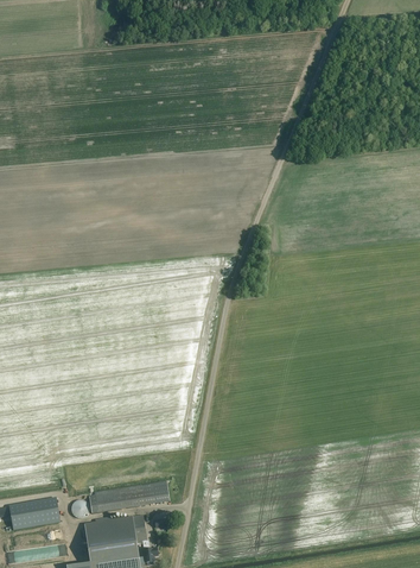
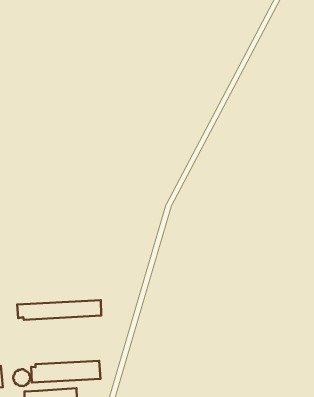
building: none -> [17,300,101,320]

